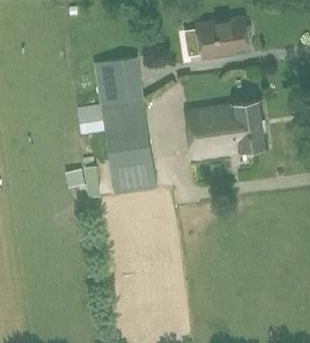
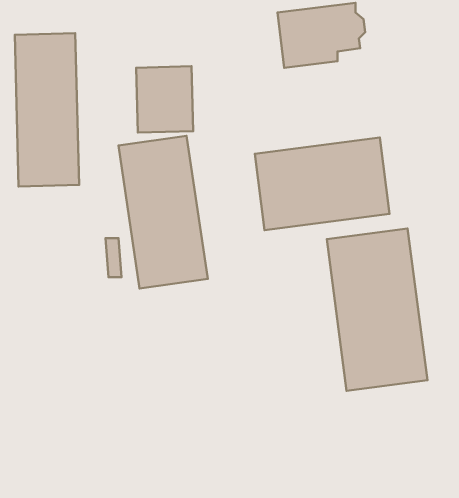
building: none -> [15,33,79,187]
building: none -> [327,229,427,391]

